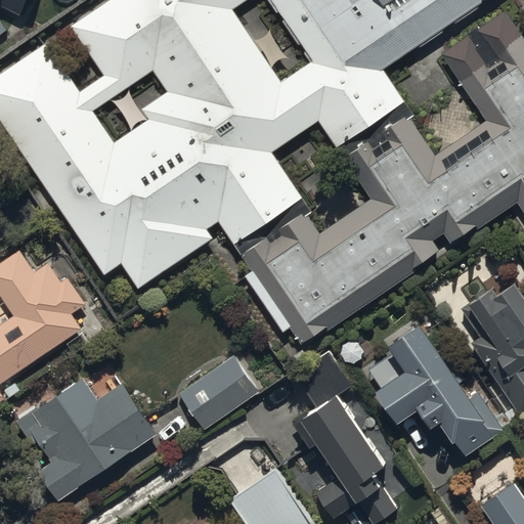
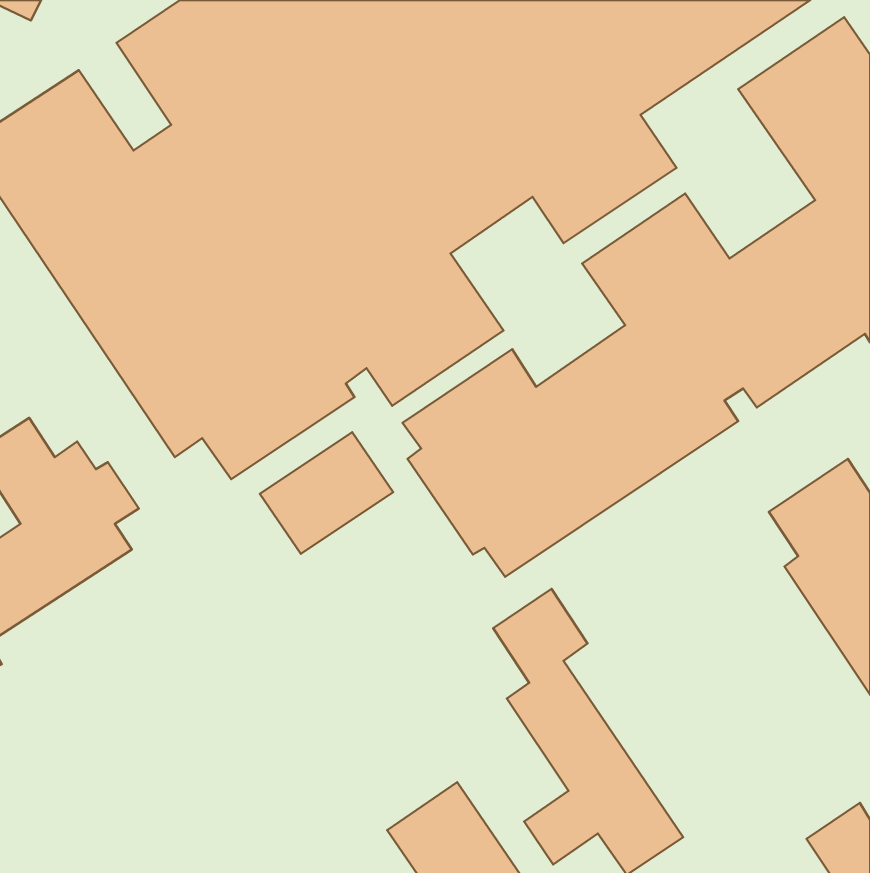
building: [378,324,495,455] -> none
building: [178,356,258,429] -> [260,432,393,554]
building: [6,379,154,500] -> none

